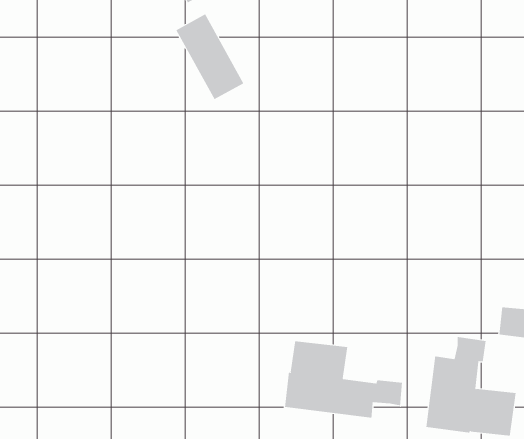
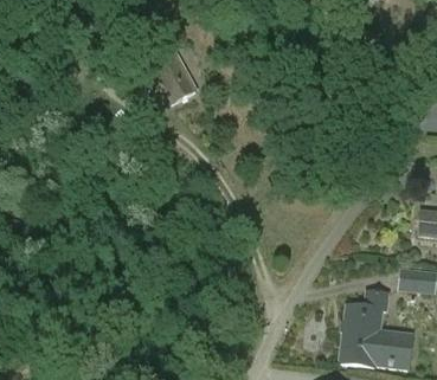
building: [285,340,403,419] -> none

